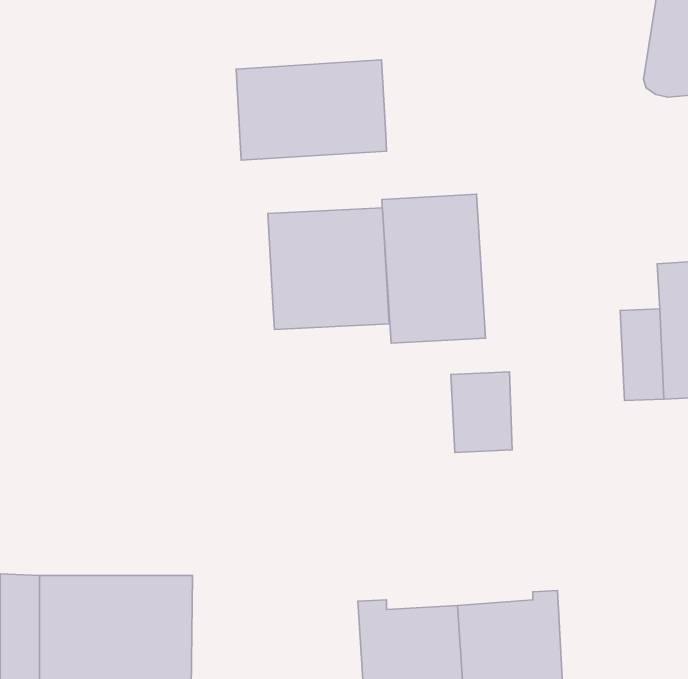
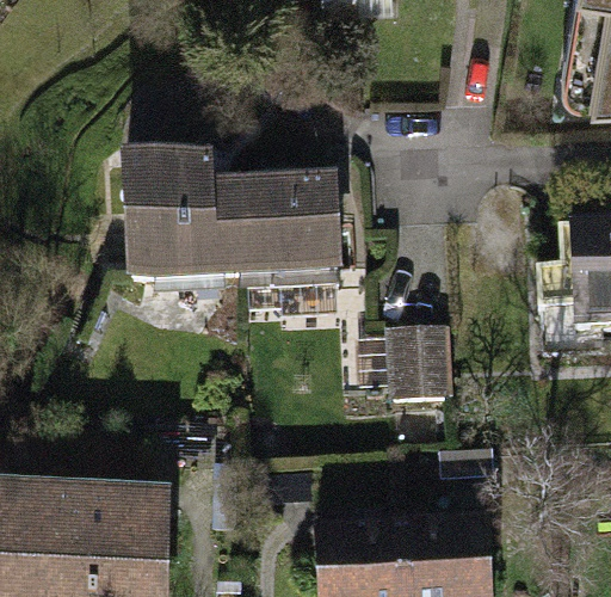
building: [236,60,386,160] -> none
building: none -> [126,160,239,277]
building: [382,194,486,343] -> none

